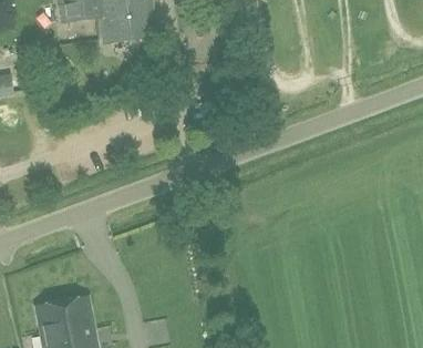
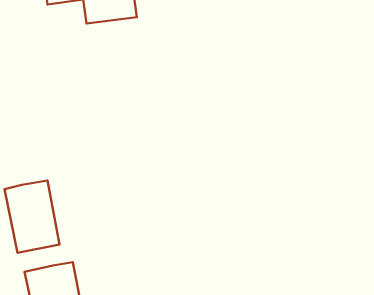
building: none -> [5,180,59,253]

